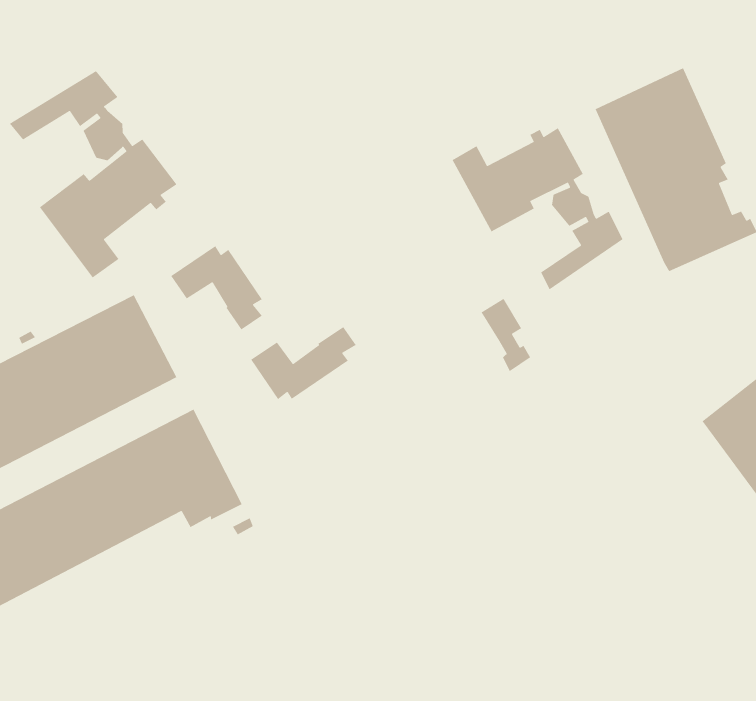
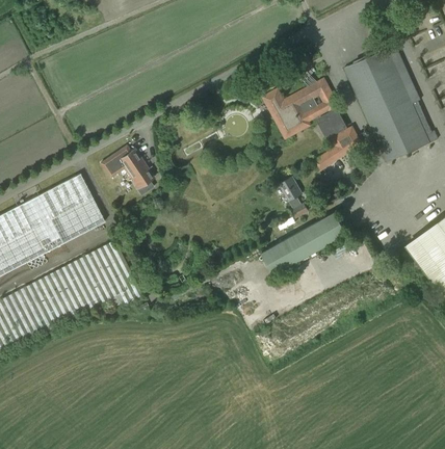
building: [9,70,178,279] -> none
building: [250,326,357,400] -> none
building: none -> [261,211,346,273]

